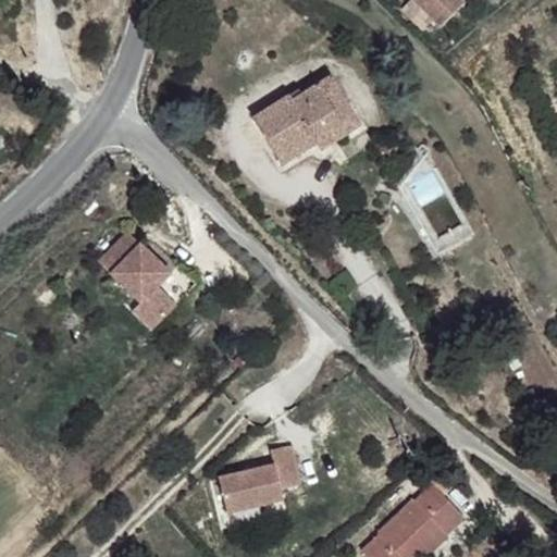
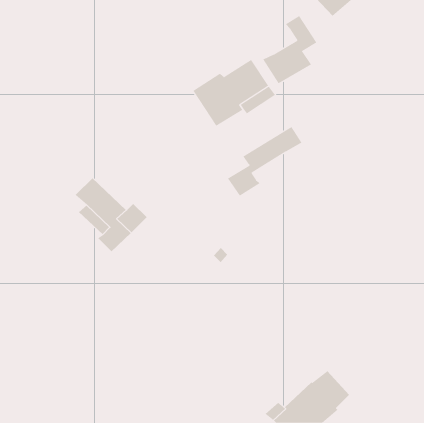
building: none -> [263,15,317,84]
building: none -> [227,126,302,197]
building: [223,444,304,512] -> none

